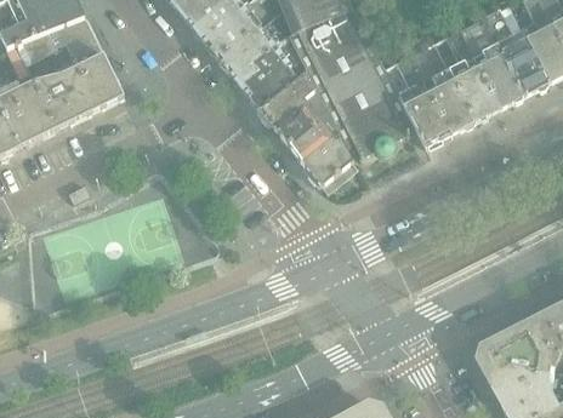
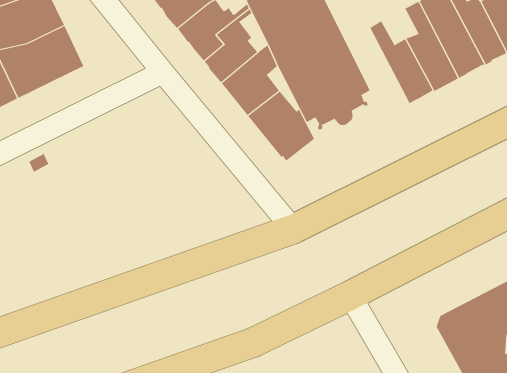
building: [396,55,450,144] -> none

